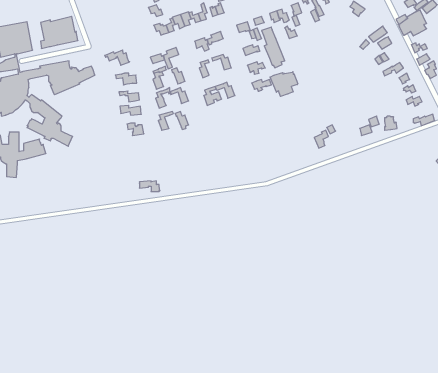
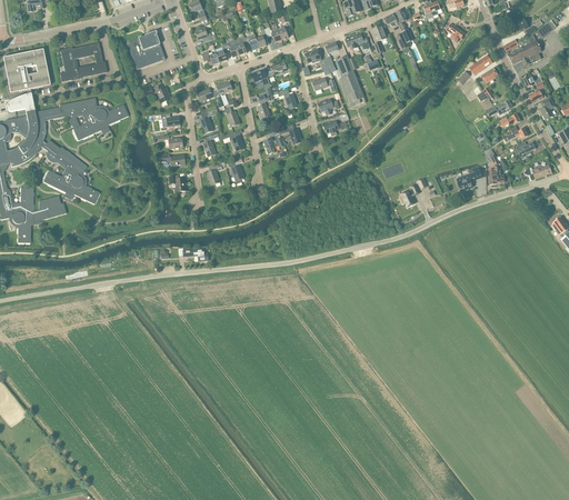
building: none -> [127,30,166,68]
building: [270,72,298,96] -> none

